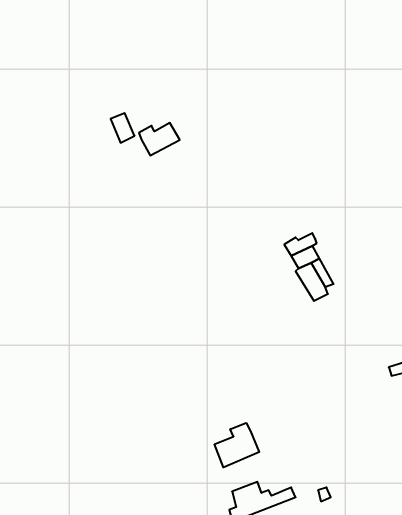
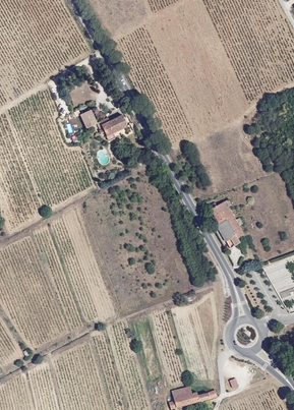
building: [215,423,259,467] -> none

